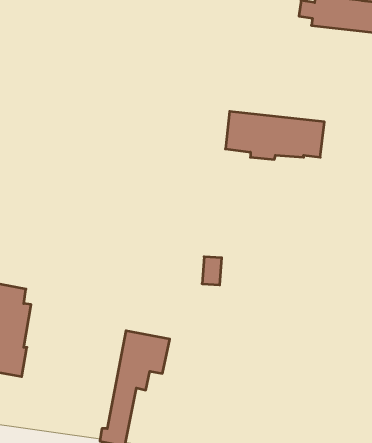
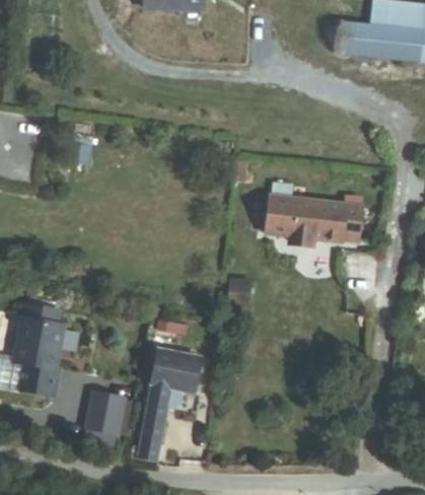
building: [225,111,324,159] -> [266,195,362,241]
building: none -> [86,391,121,431]

